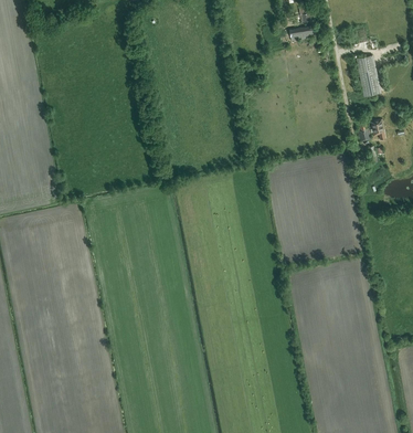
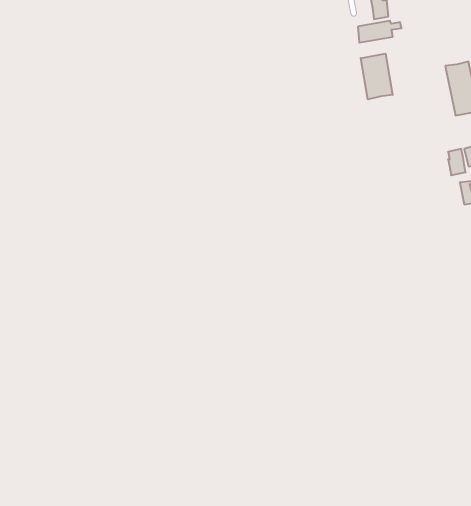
building: none -> [361,54,393,99]

